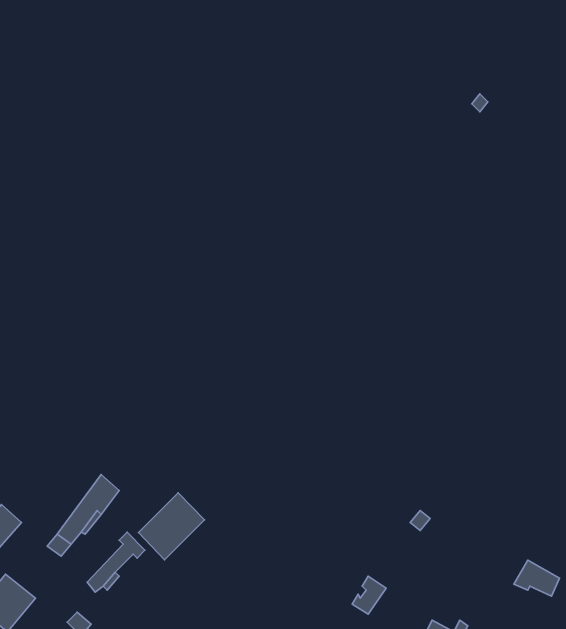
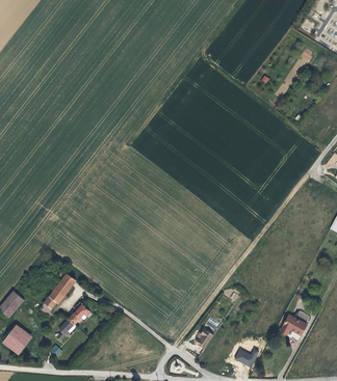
building: [138,493,204,560] -> none

